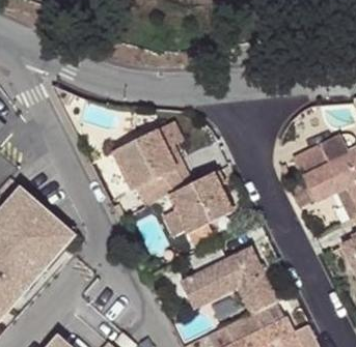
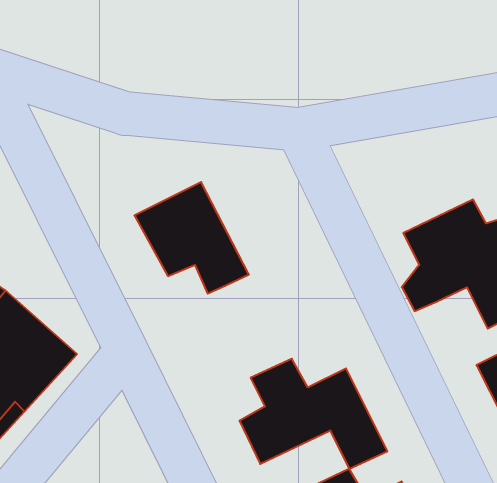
building: [168,170,235,241] -> none

